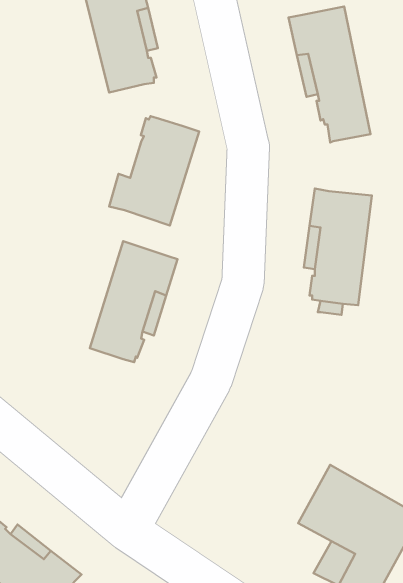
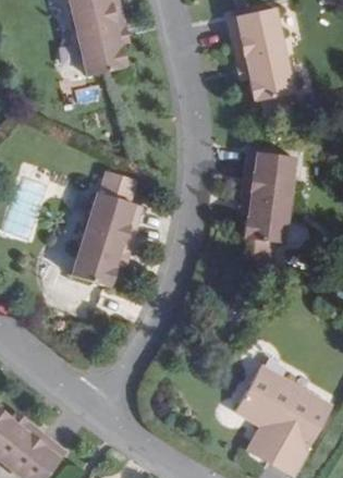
building: [109,116,199,226] -> none

